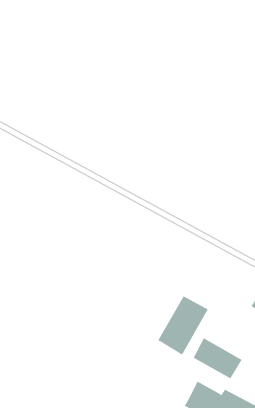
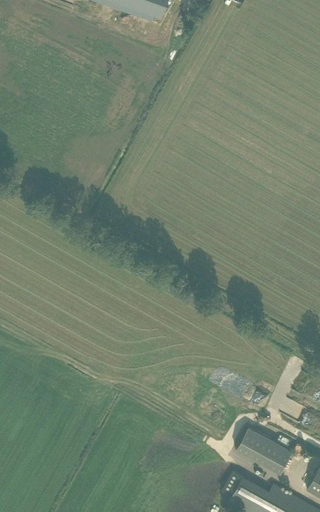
building: [158,296,208,355] -> none

